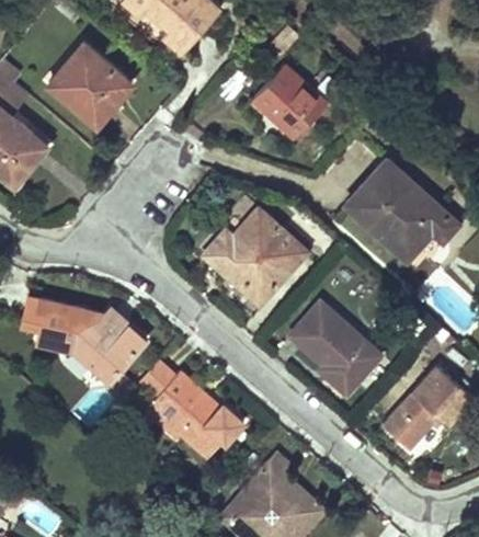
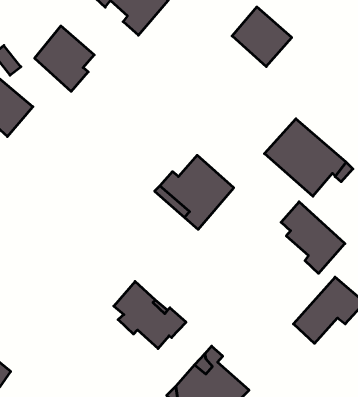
building: [252,65,329,141] -> [232,7,292,67]
building: [21,296,145,381] -> none
building: [296,304,378,396] -> [281,202,345,273]

